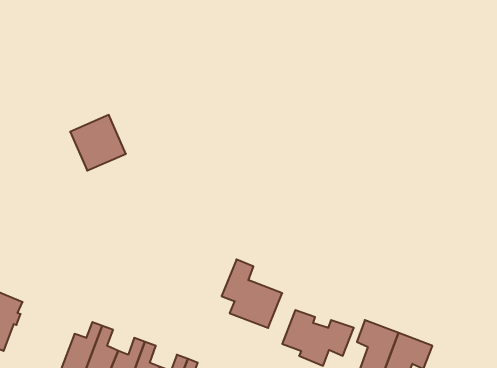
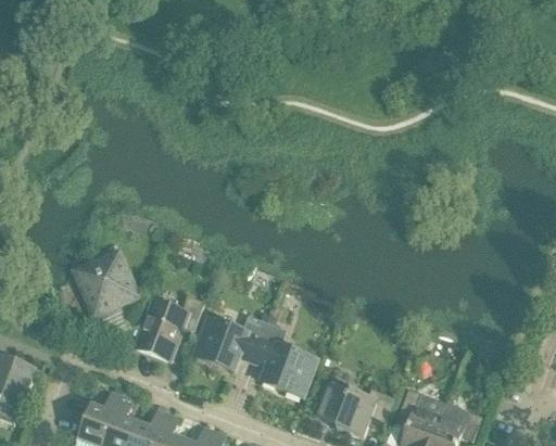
building: [70,115,126,171] -> [76,253,137,314]
building: none -> [132,296,205,362]
building: none -> [193,316,268,370]

